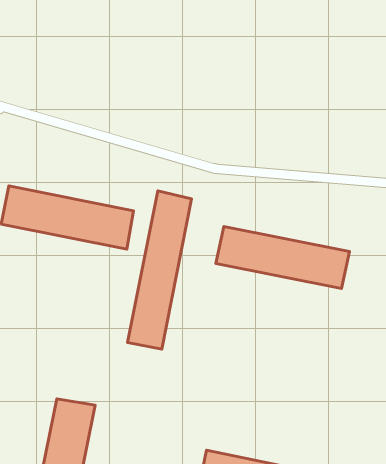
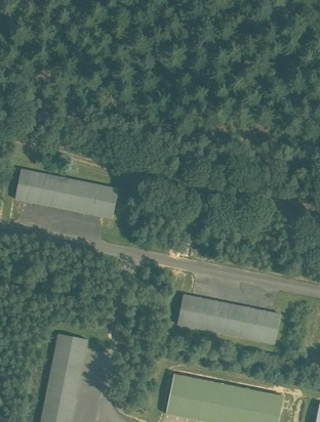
building: [128,191,192,349] -> none
building: [216,226,350,289] -> [176,295,280,343]

